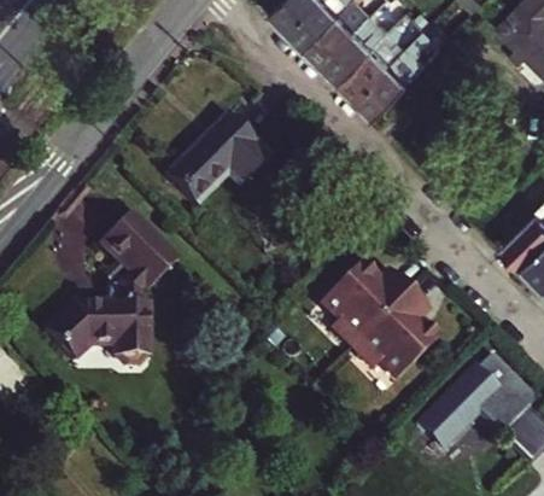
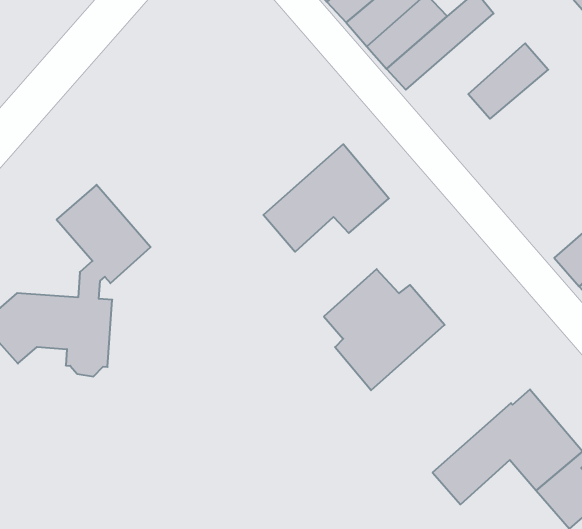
building: none -> [468,43,548,119]
building: [169,117,269,206] -> [263,144,389,252]
building: [363,303,438,379] -> none

